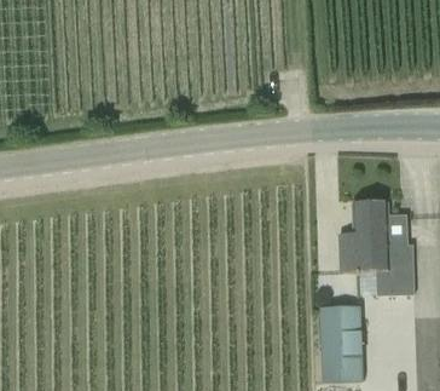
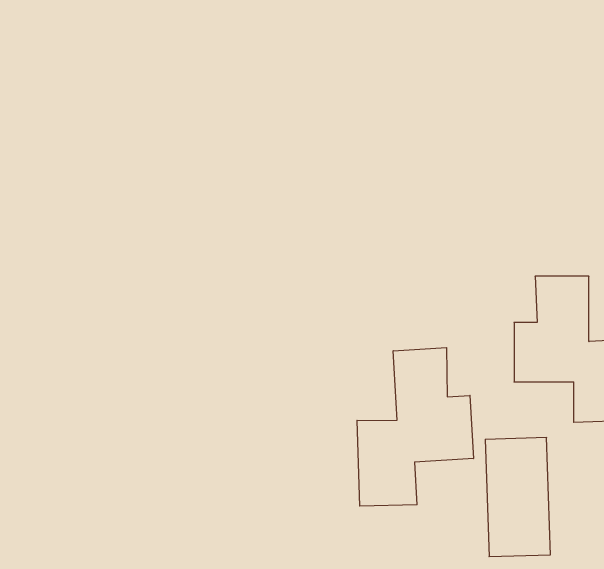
building: none -> [357,348,473,506]

